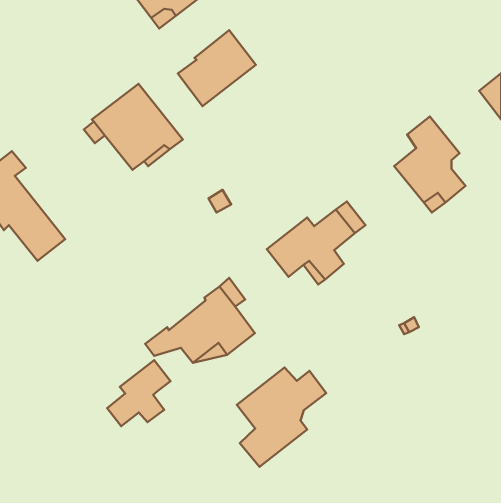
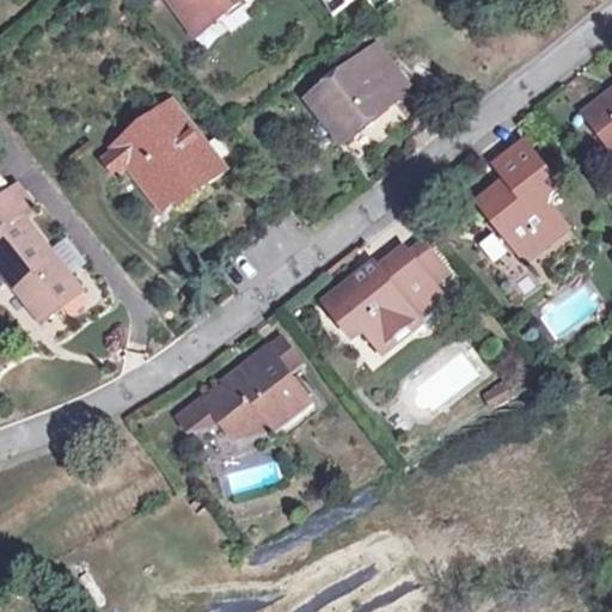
building: [178,30,256,106] -> [310,47,404,139]
building: [107,360,170,426] -> none
building: [237,368,326,467] -> none

